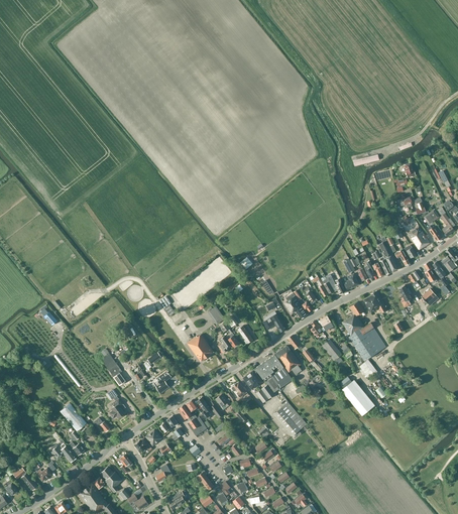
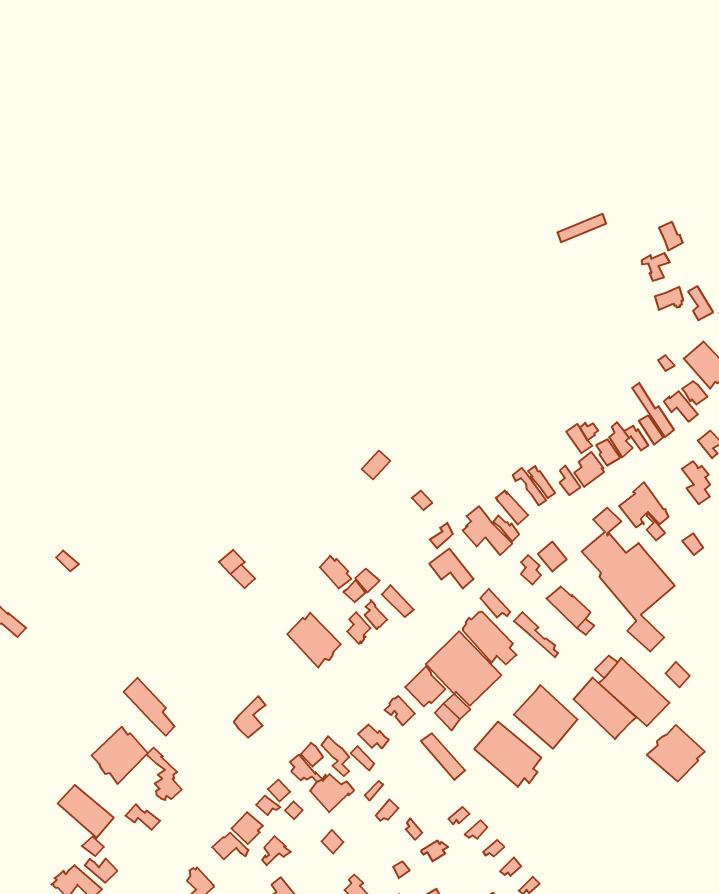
building: none -> [92,727,148,784]
building: none -> [514,685,578,749]
building: none -> [573,677,636,739]
building: none -> [647,725,705,781]

